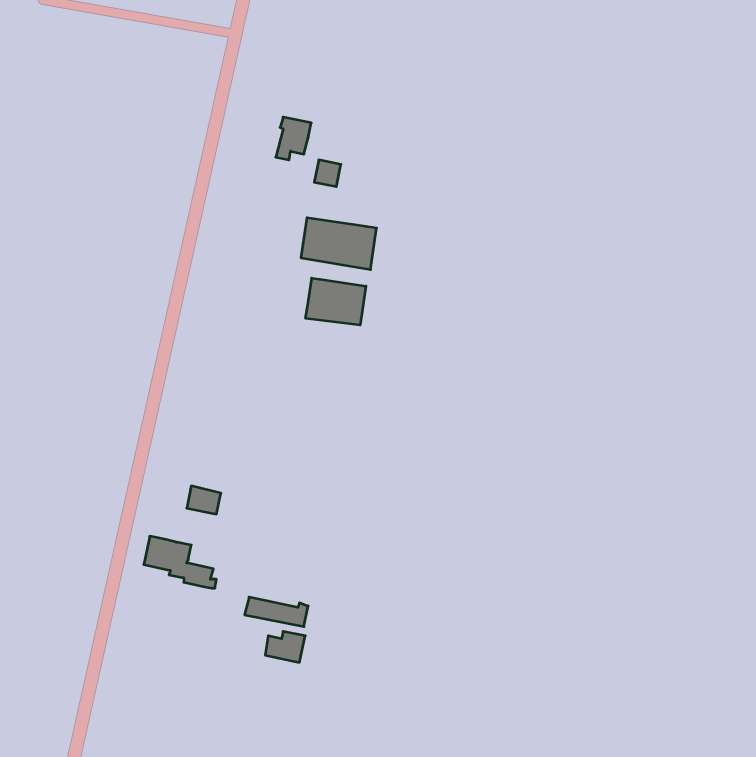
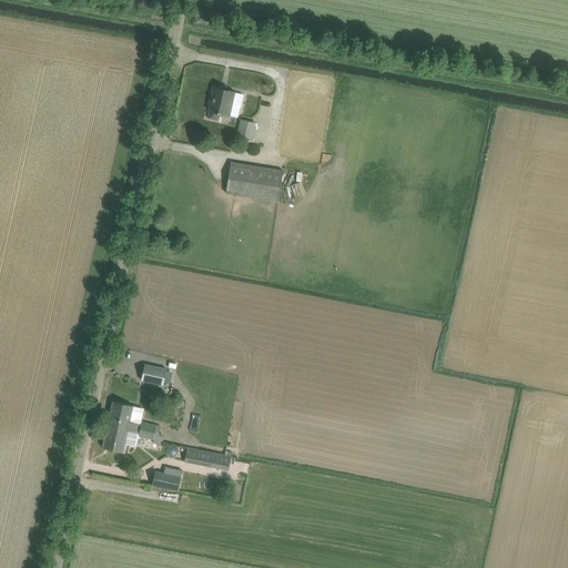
building: [306,278,366,325] -> none
building: none -> [102,423,138,453]
building: [265,631,305,662] -> [151,467,181,490]

